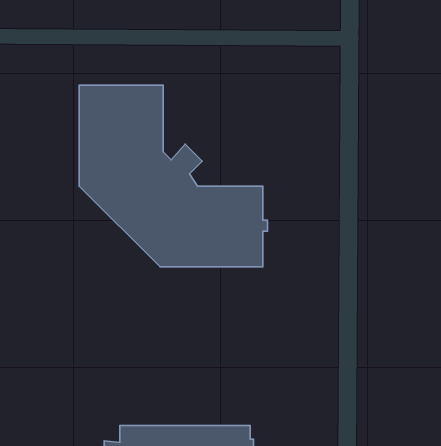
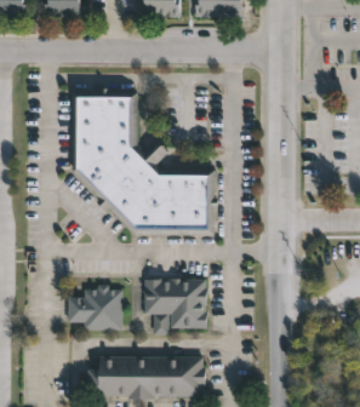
building: none -> [142,277,205,336]
building: none -> [64,285,119,328]

